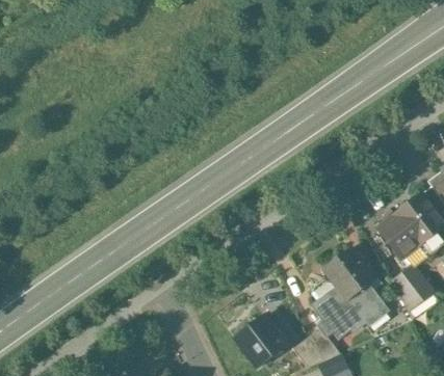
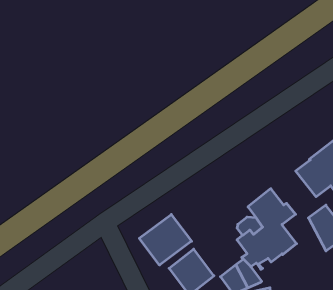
building: none -> [139,214,192,265]

